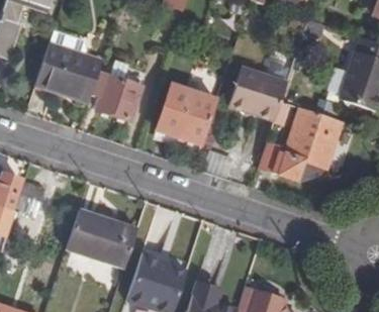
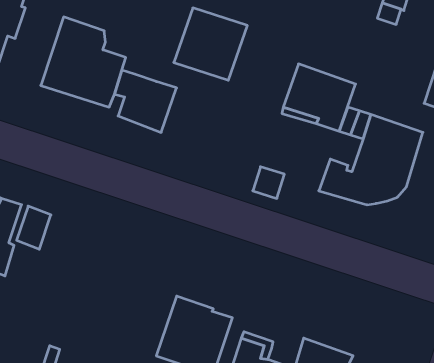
building: [159,85,217,142] -> [174,8,247,80]
building: [66,210,136,268] -> none

